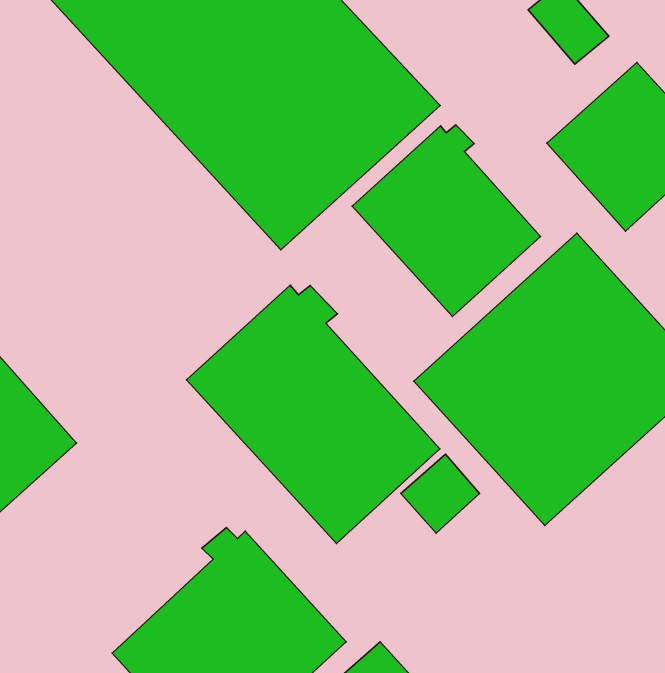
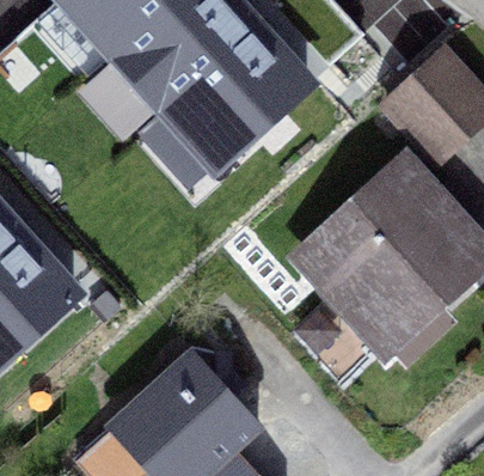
building: [352,125,541,317] -> none
building: [187,285,440,544] -> none

